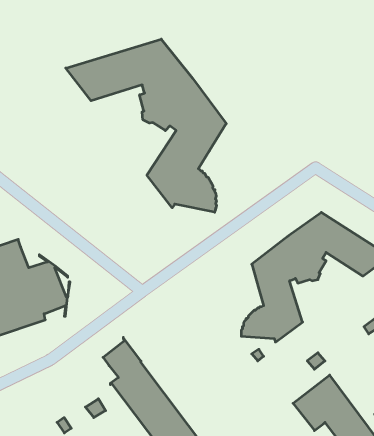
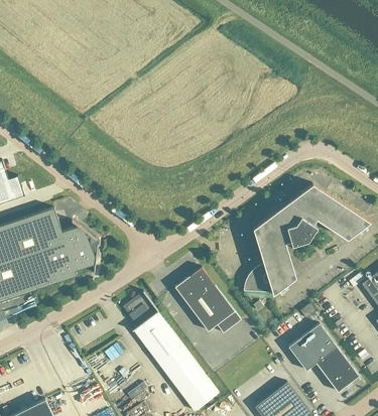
building: [66,39,226,212] -> none
building: none -> [174,268,241,333]

